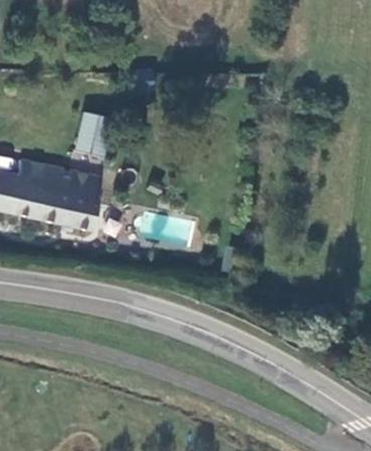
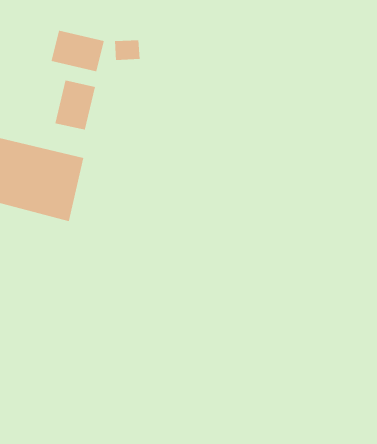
building: none -> [51,30,104,72]

